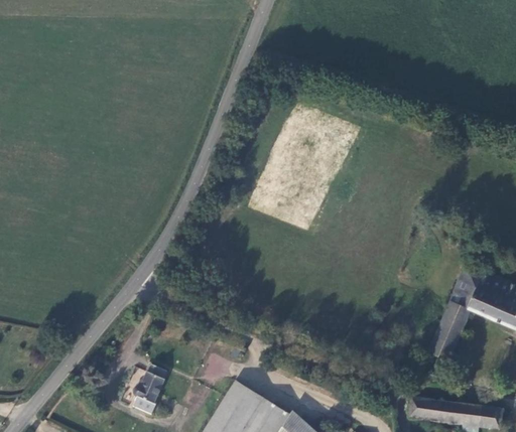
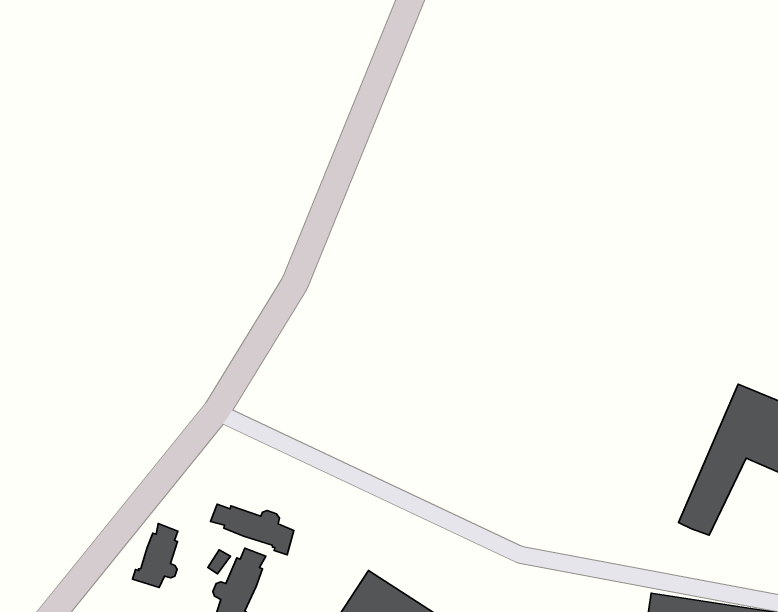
building: none -> [210,504,294,555]
building: none -> [132,524,178,588]

